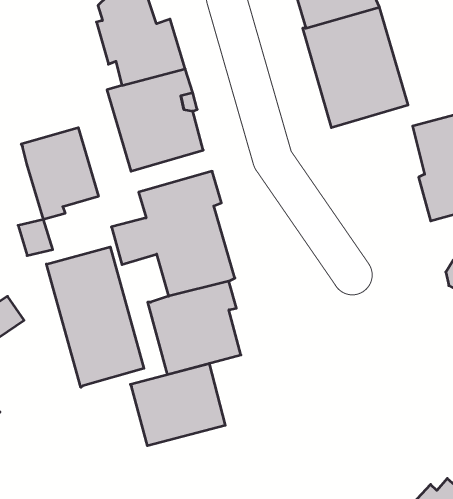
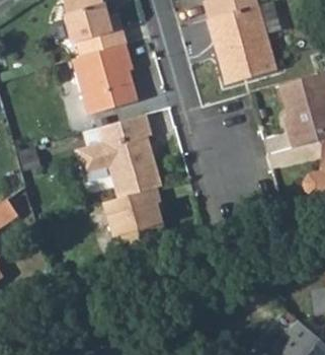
building: [21,128,98,219] -> none
building: [46,247,144,387] -> none
building: [130,363,225,446] -> none

